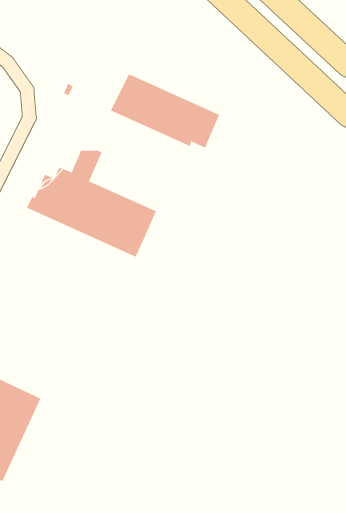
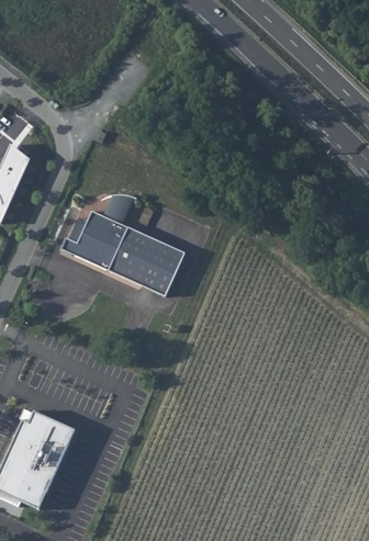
building: [110,73,220,148] -> none

